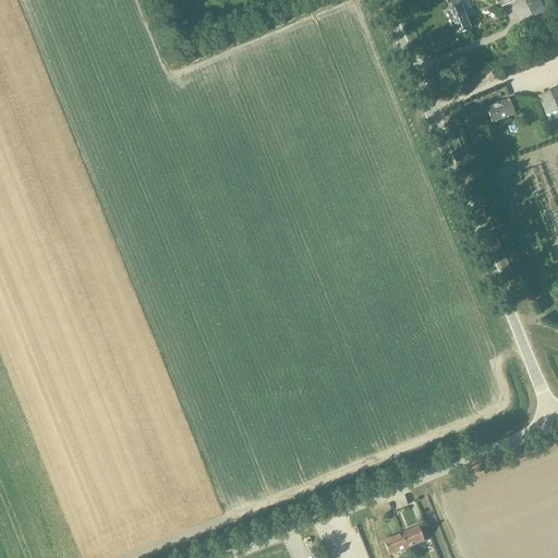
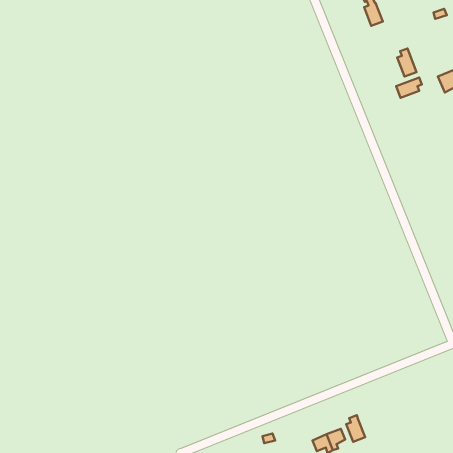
building: none -> [397,48,417,77]
building: none -> [346,415,365,442]

